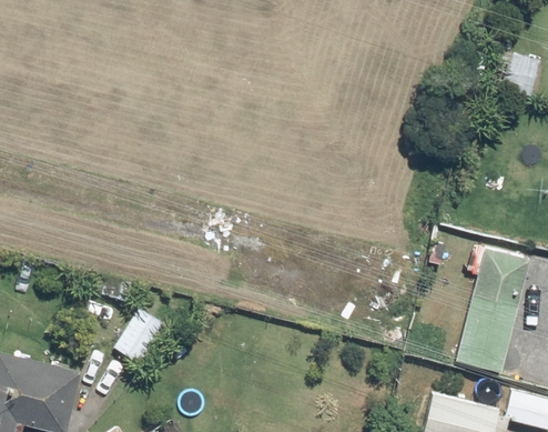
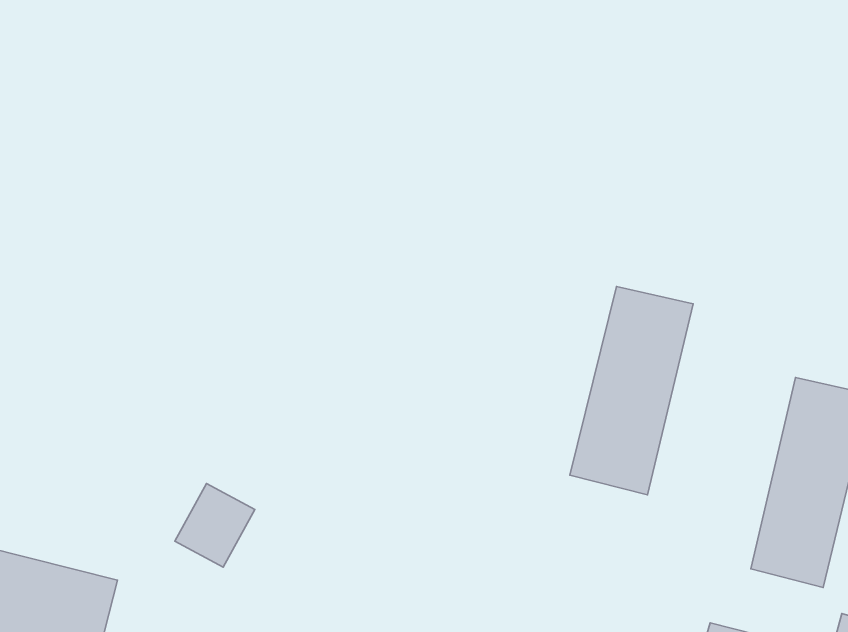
building: none -> [570,287,693,495]

